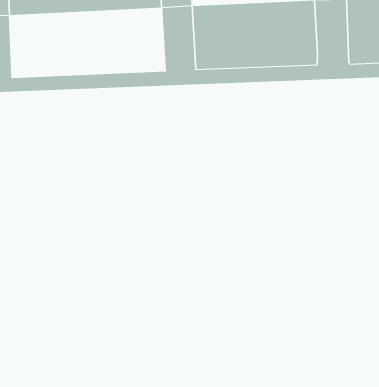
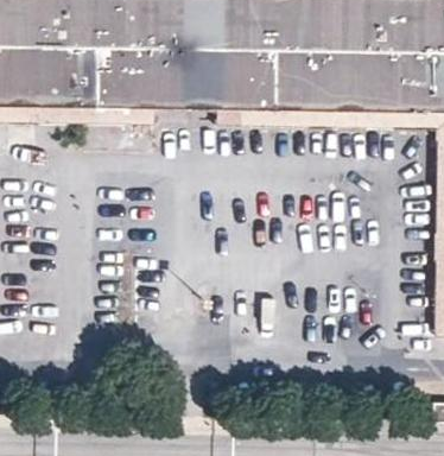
building: none -> [39,45,188,108]

